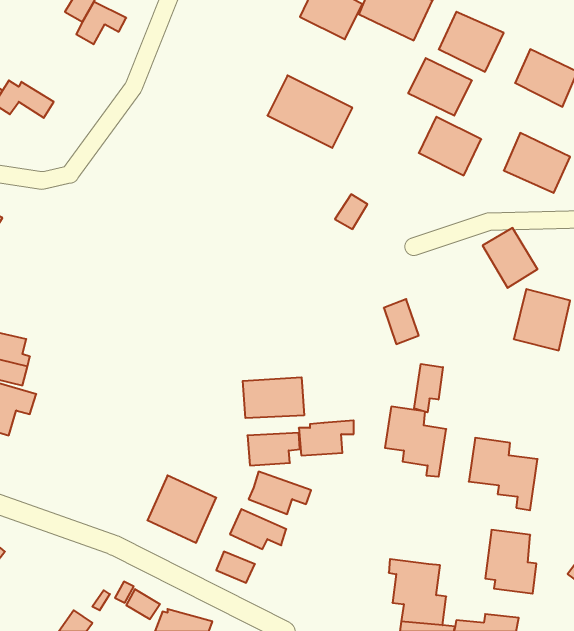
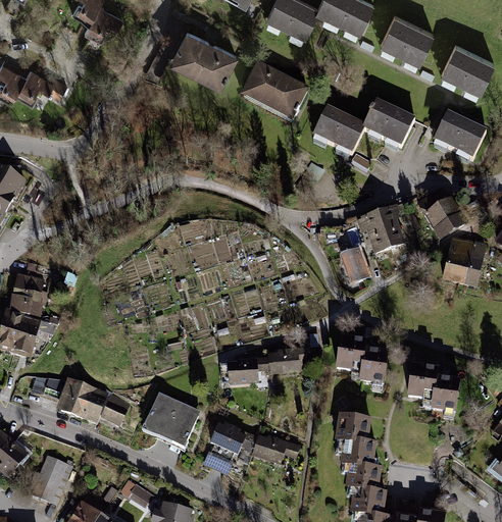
building: none -> [169,25,238,86]
building: [408,58,472,116] -> [313,106,365,153]
building: none -> [356,204,406,256]
building: [414,364,443,412] -> none
building: [243,377,304,418] -> none
building: none -> [30,378,131,428]
building: [249,472,311,514] -> [248,434,299,469]
building: [485,530,536,594] -> [334,411,375,463]
building: none -> [28,455,70,506]

